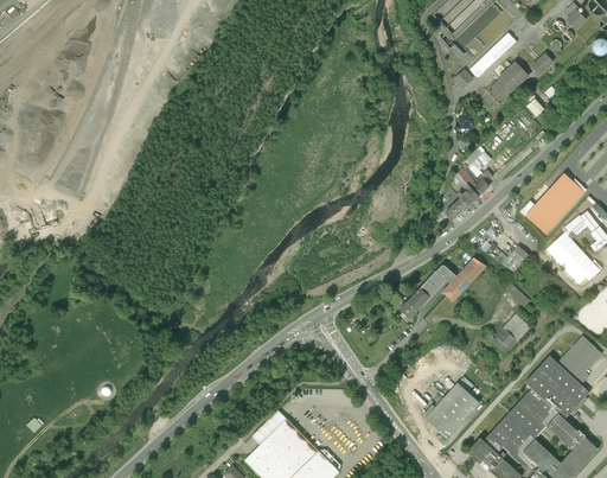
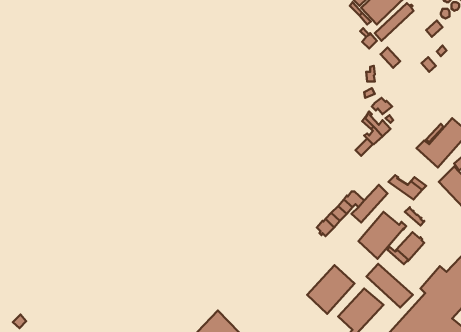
building: [492,64,528,100] -> none
building: none -> [358,212,406,259]
building: none -> [367,264,413,307]
building: none -> [307,265,355,314]

